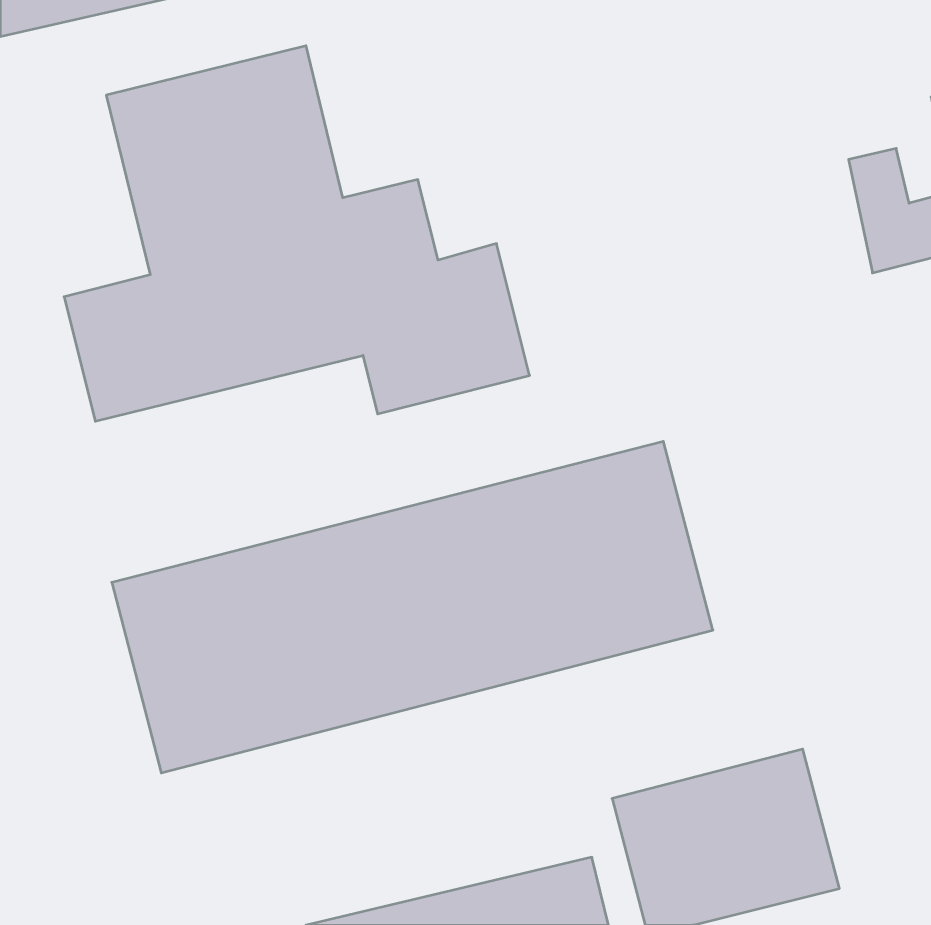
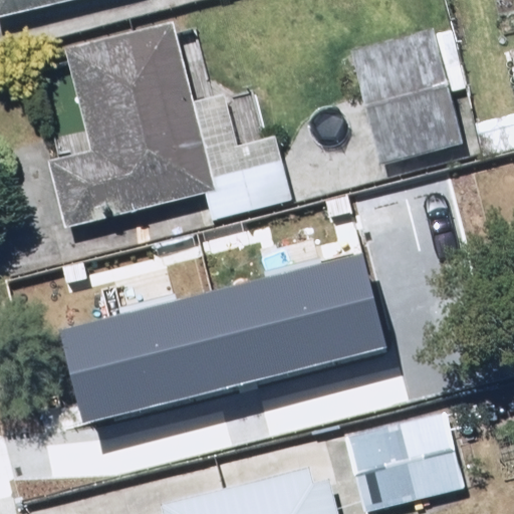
building: none -> [357,33,463,165]

